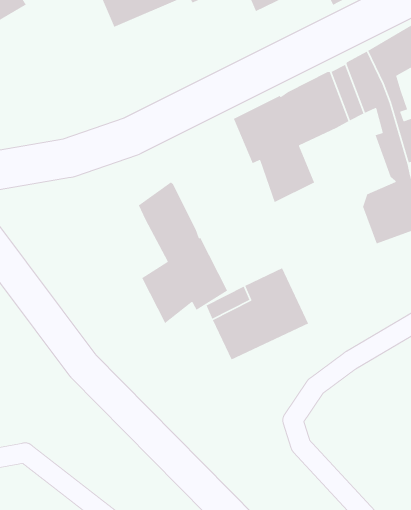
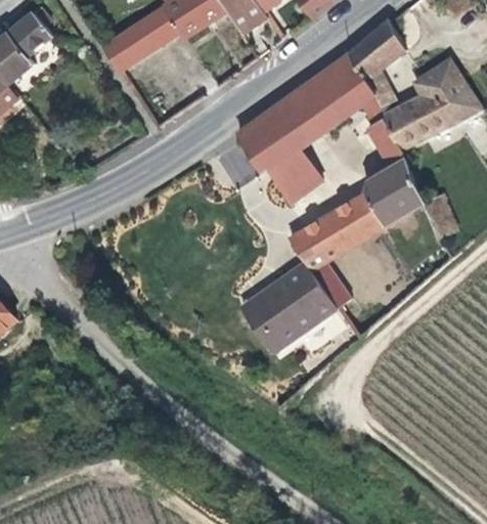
building: [138,181,228,324] -> none
building: none -> [290,193,386,307]

